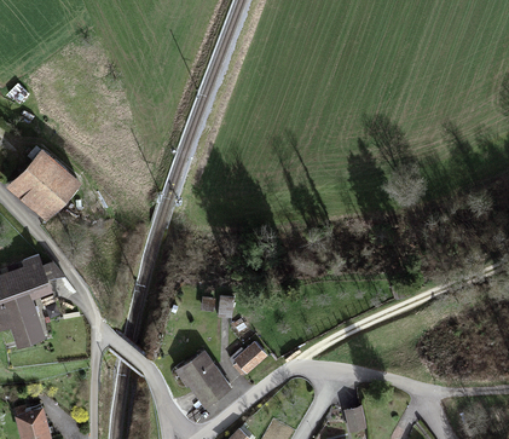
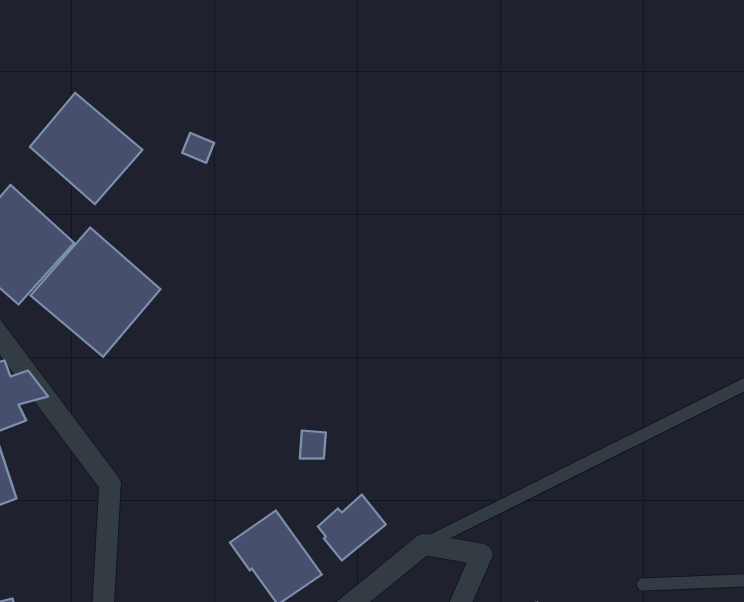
building: none -> [30,93,142,204]
building: none -> [31,228,160,357]

